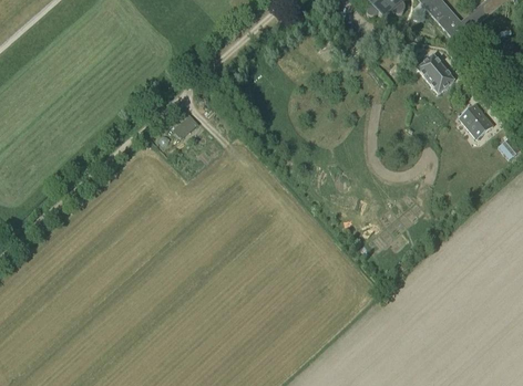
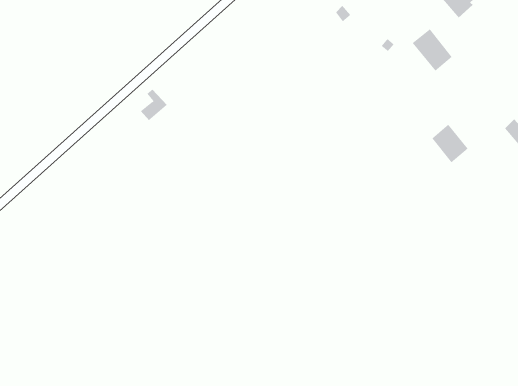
building: [459,102,492,137] -> [431,124,468,163]

